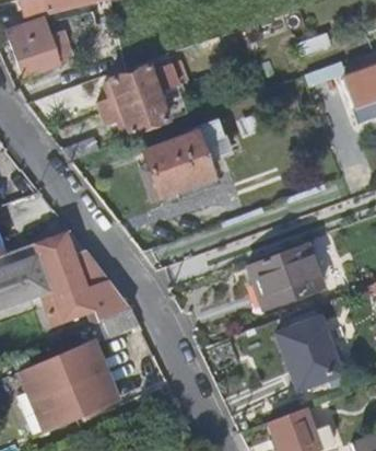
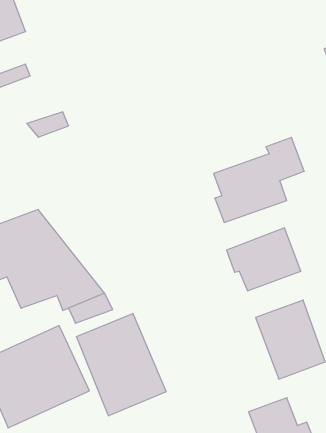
building: [107,63,174,132] -> none
building: [142,117,227,197] -> [214,138,304,222]
building: none -> [76,313,166,416]

